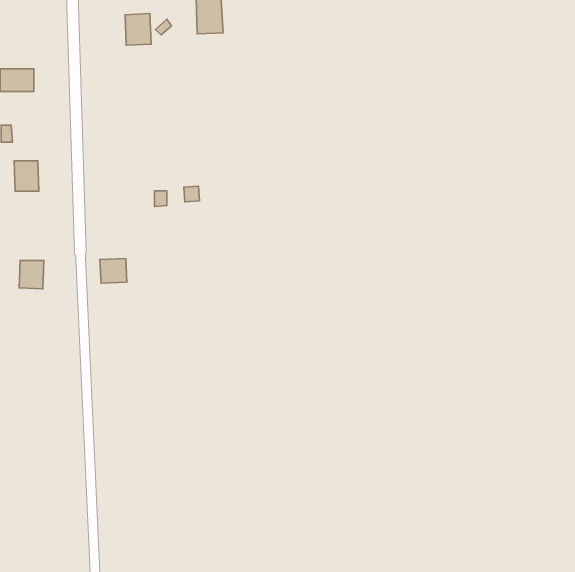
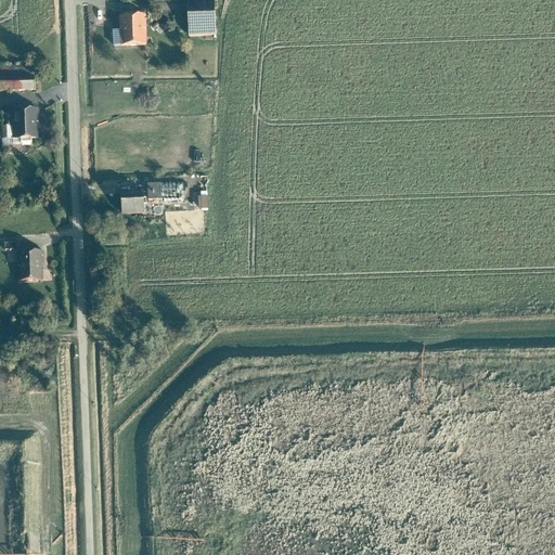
building: [14,161,39,191] -> [14,107,38,137]
building: [100,258,127,283] -> [120,190,146,214]

